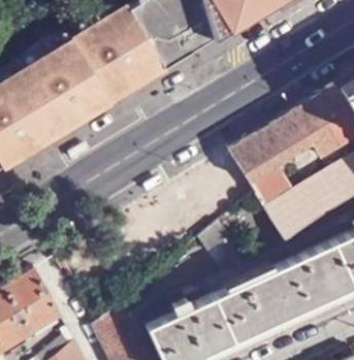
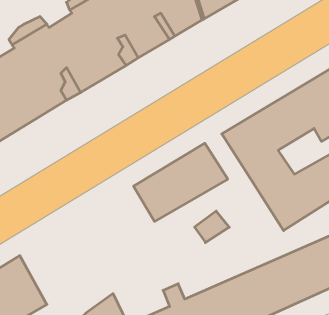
building: none -> [134,143,228,221]

